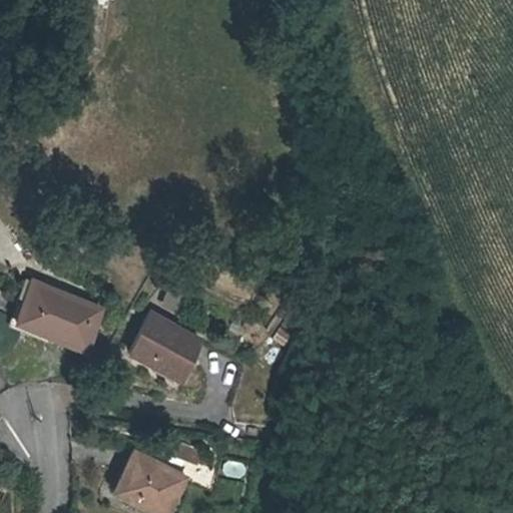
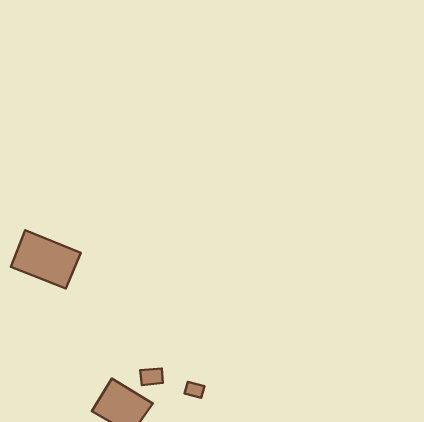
building: [132,304,204,370] -> none

